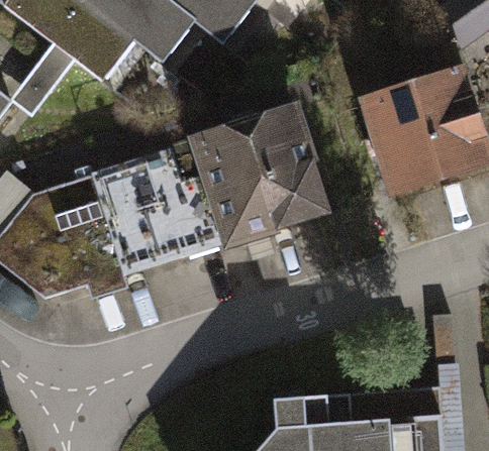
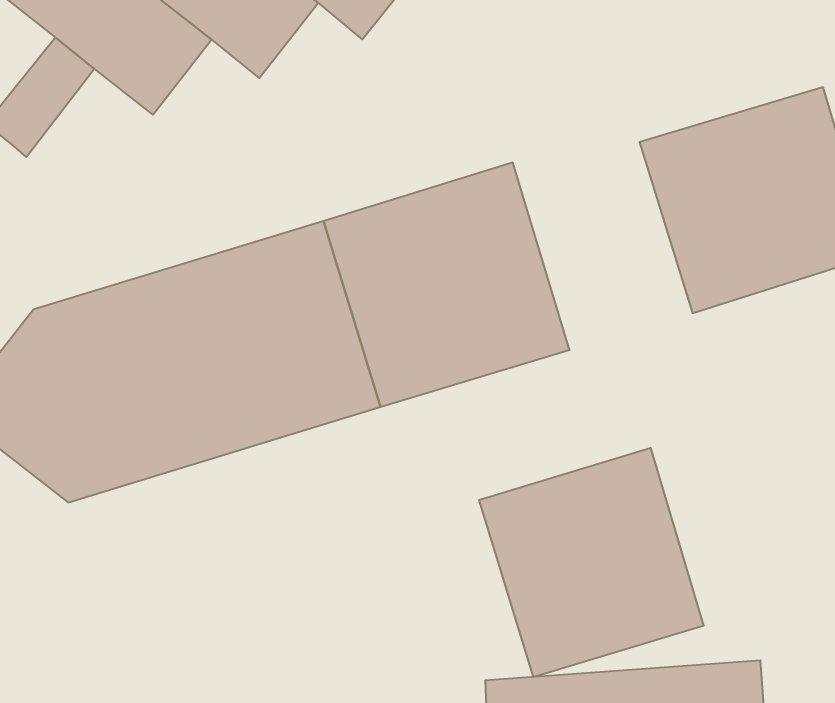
building: none -> [479,448,704,677]

